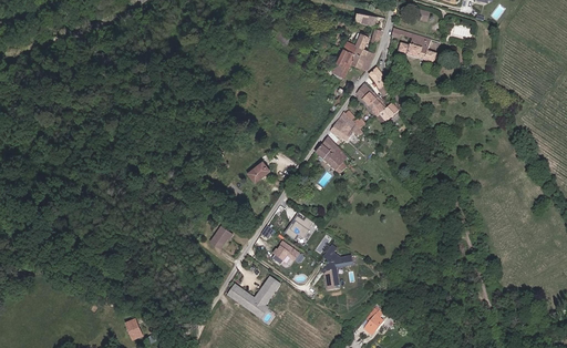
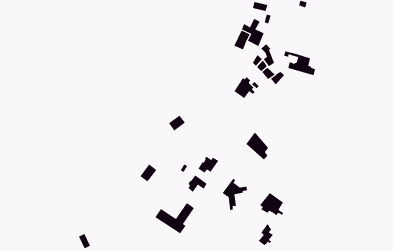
building: [391,28,434,61] -> [283,51,316,76]
building: [317,136,348,175] -> [246,131,269,161]
building: none -> [259,192,284,216]

